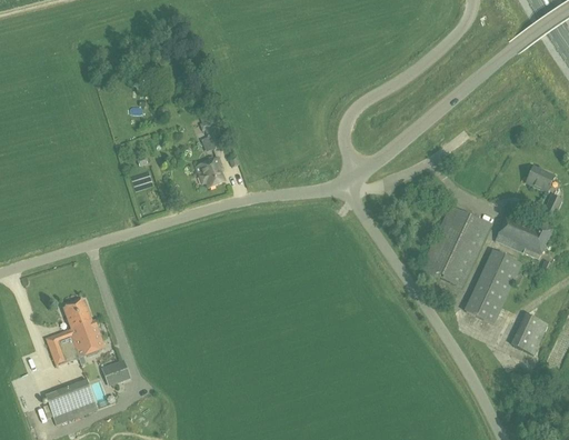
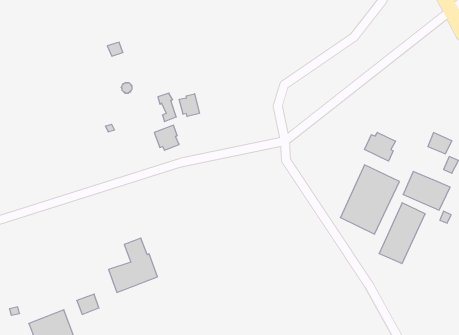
building: none -> [179,94,199,117]
building: none -> [365,132,396,161]
building: [44,299,103,364] -> [109,238,157,292]
building: [511,313,545,352] -> none

